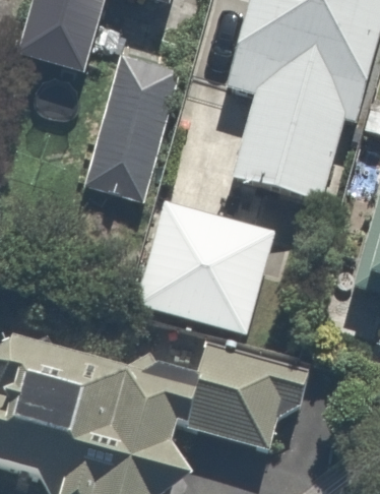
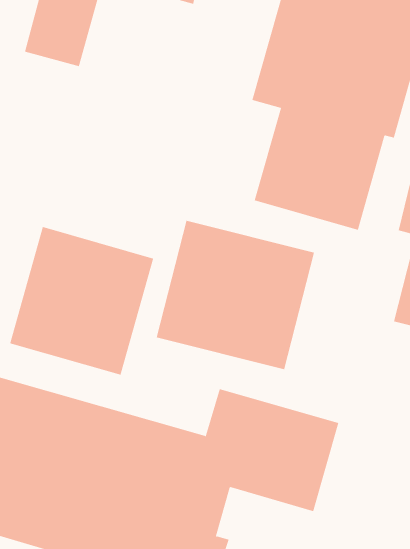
building: [81,53,181,196] -> none
building: none -> [9,226,154,376]

